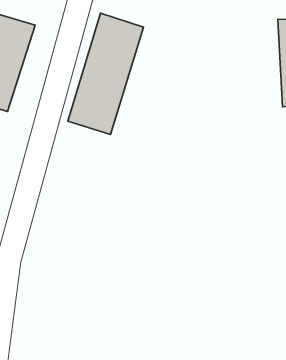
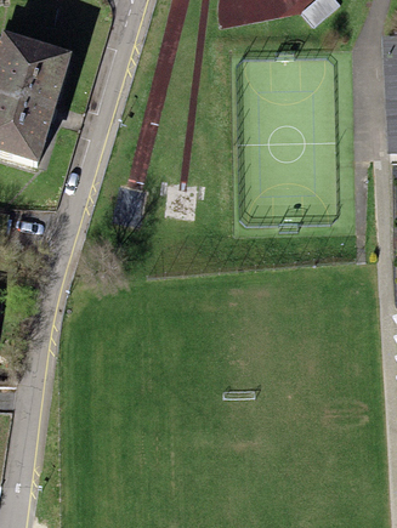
building: [68,13,143,134] -> none

